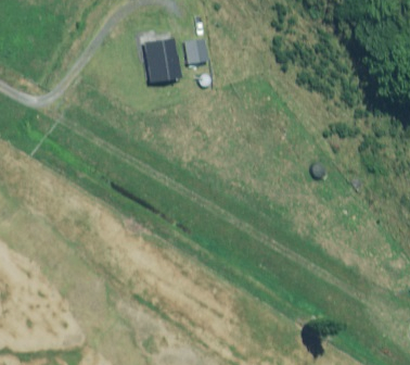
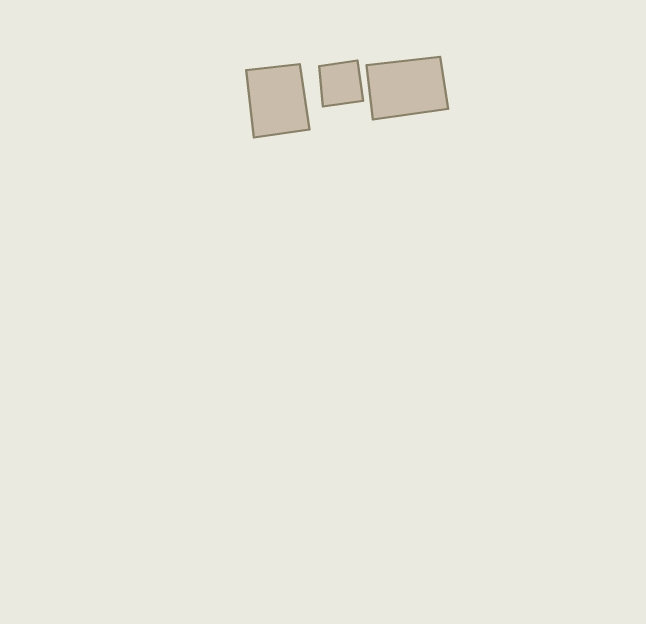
building: none -> [367,57,448,120]

